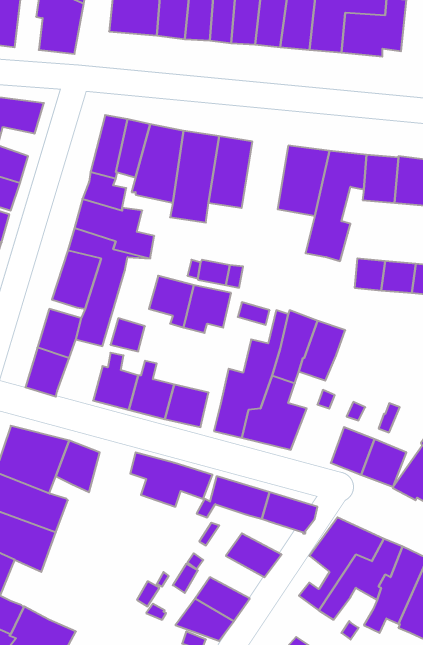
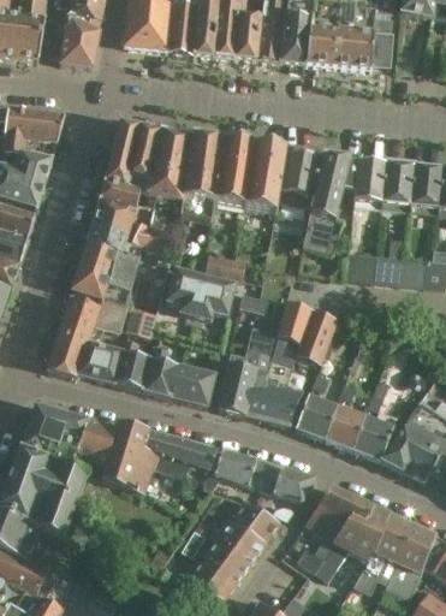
building: none -> [244,147,286,213]
building: none -> [77,343,118,381]
building: none -> [296,395,337,438]
building: none -> [101,420,157,492]
building: none -> [215,522,264,561]

